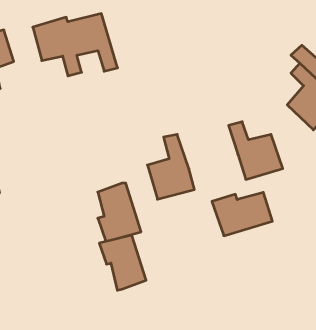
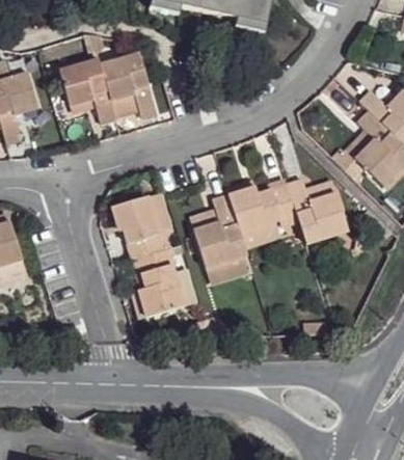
building: [212,192,272,236] -> [227,183,297,233]
building: [99,235,146,290] -> [110,197,164,261]

